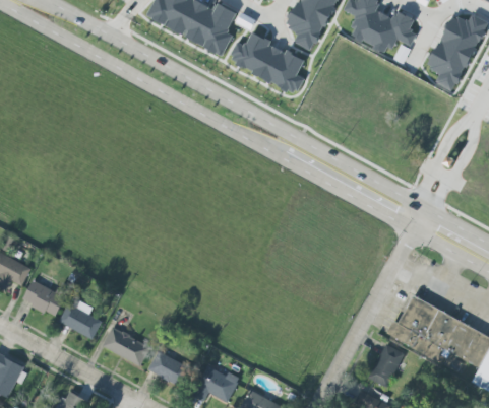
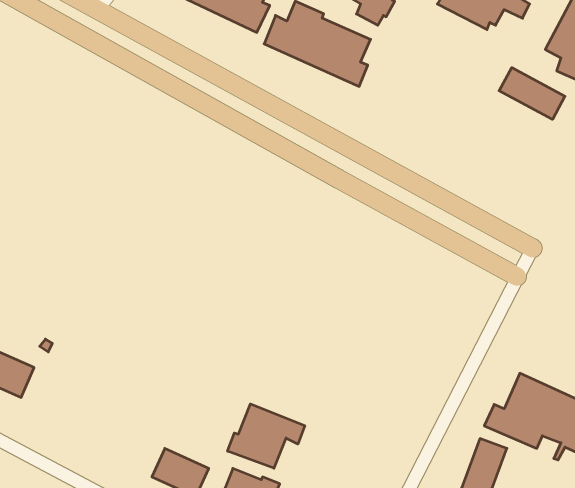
building: none -> [499,68,565,119]
building: [58,302,101,339] -> none
building: none -> [228,404,305,468]
building: [102,328,149,366] -> none

